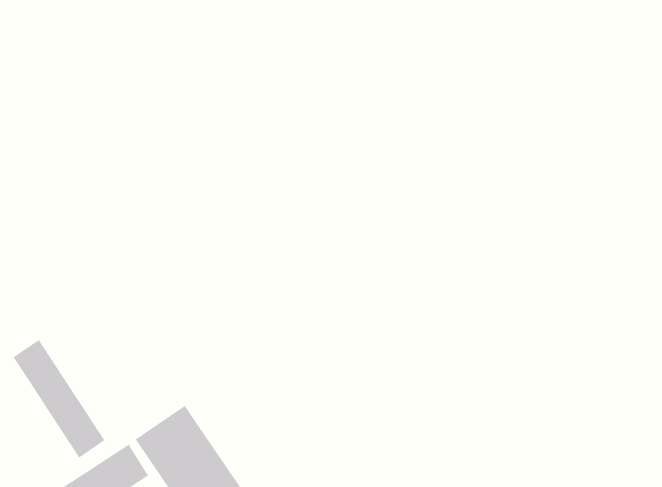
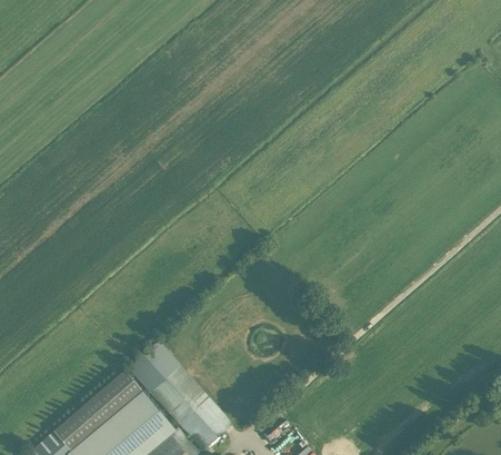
building: [13,339,105,458] -> none

